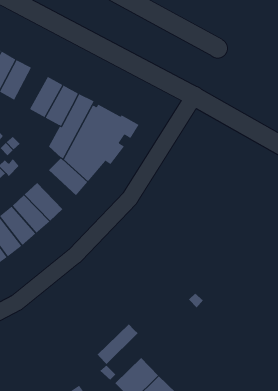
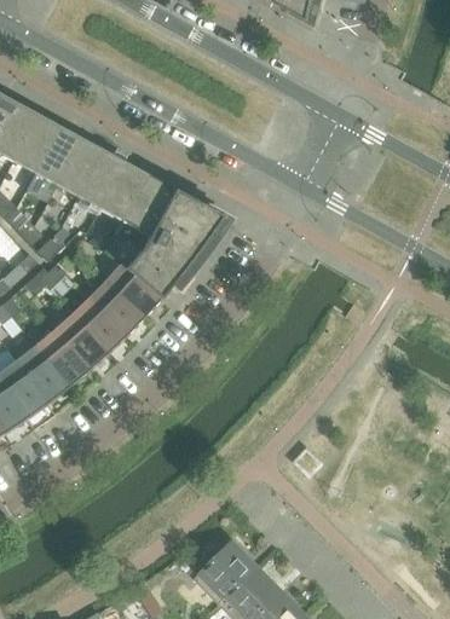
building: none -> [57,138,103,196]
building: none -> [88,280,143,335]
building: [97,324,138,365] -> none

